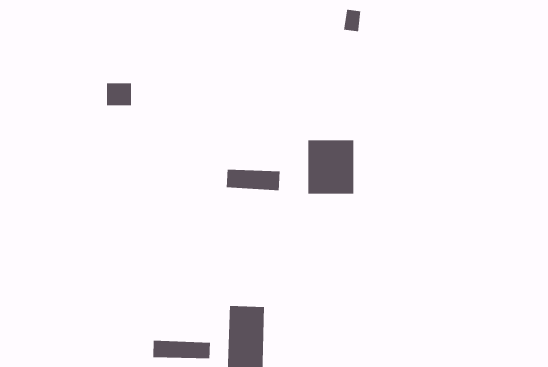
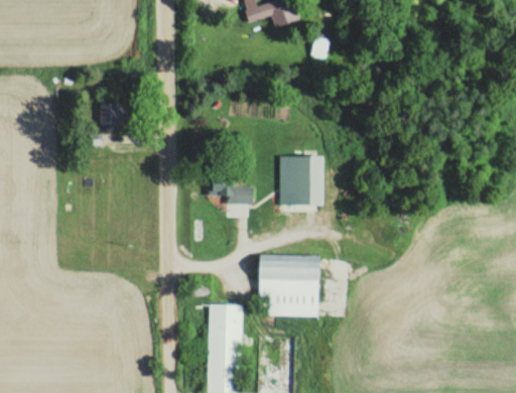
building: none -> [257,255,317,316]
building: [152,340,211,359] -> none

